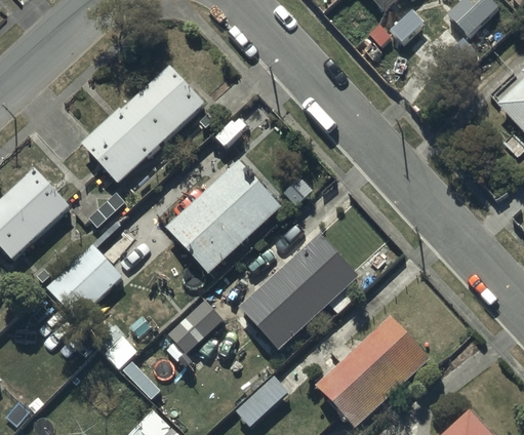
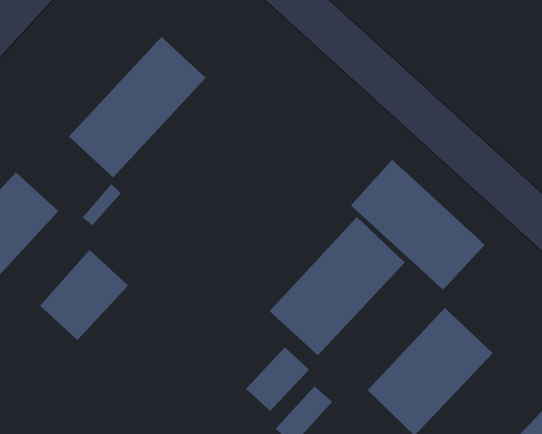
building: [166,160,281,273] -> none
building: none -> [350,159,485,290]
building: [166,299,223,353] -> [245,346,310,412]

